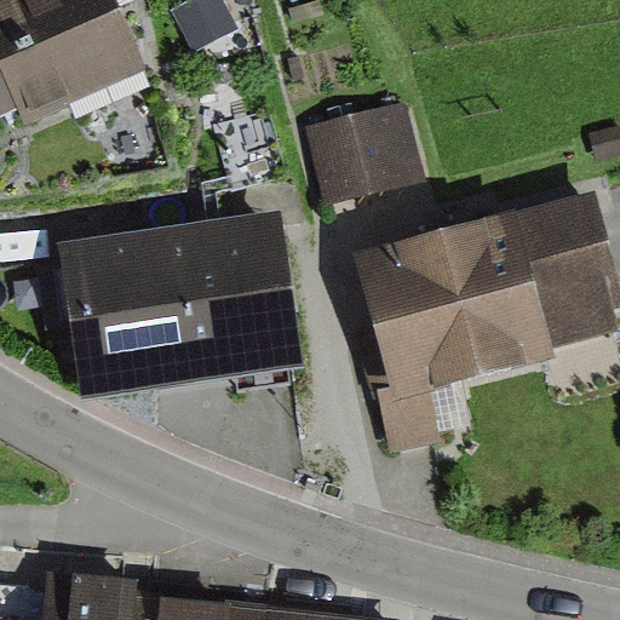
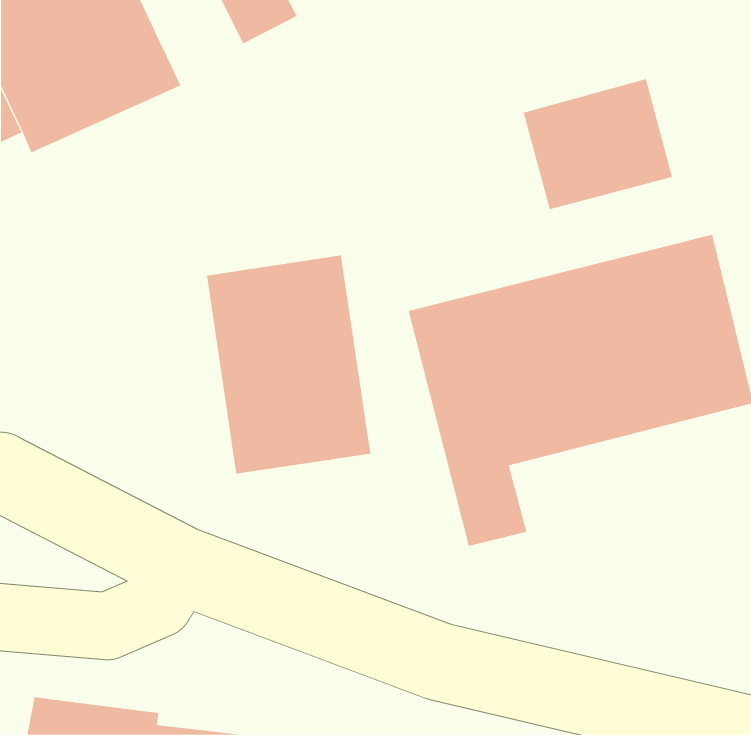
building: [306,93,430,201] -> [523,79,673,210]
building: [58,226,195,407] -> none

